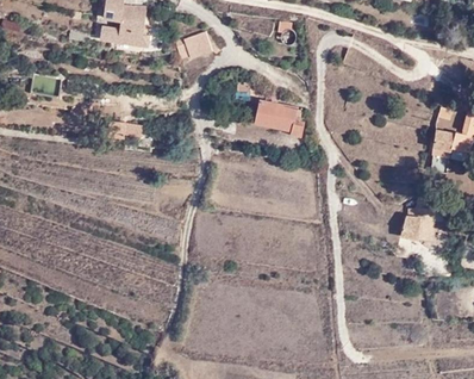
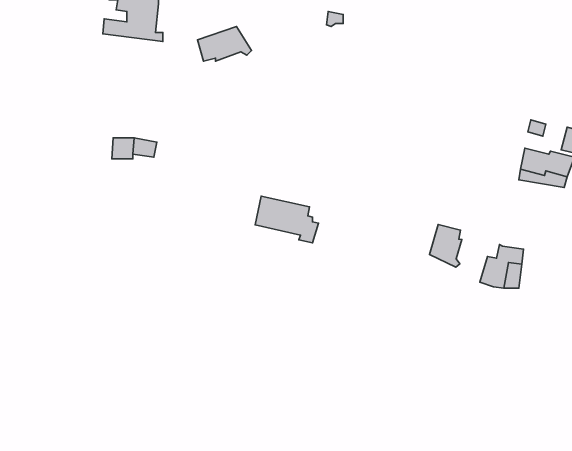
building: [254,100,304,137] -> [255,196,318,243]
building: none -> [429,224,462,267]

